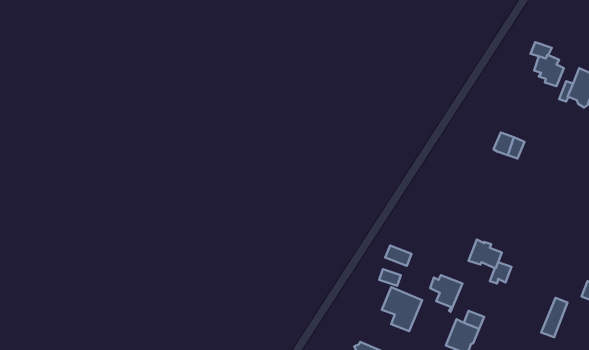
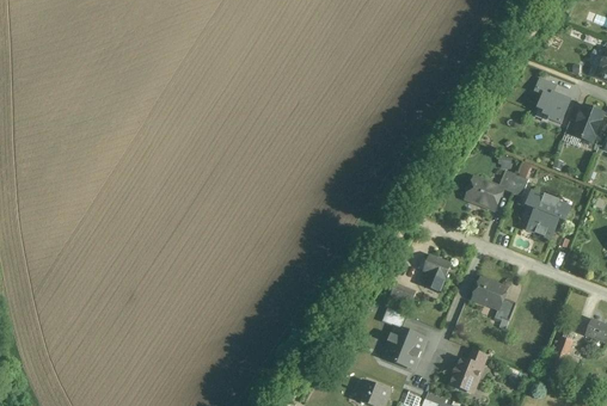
building: none -> [467,177,501,208]
building: none -> [526,190,569,236]
building: [430,275,462,312] -> [418,253,450,290]

